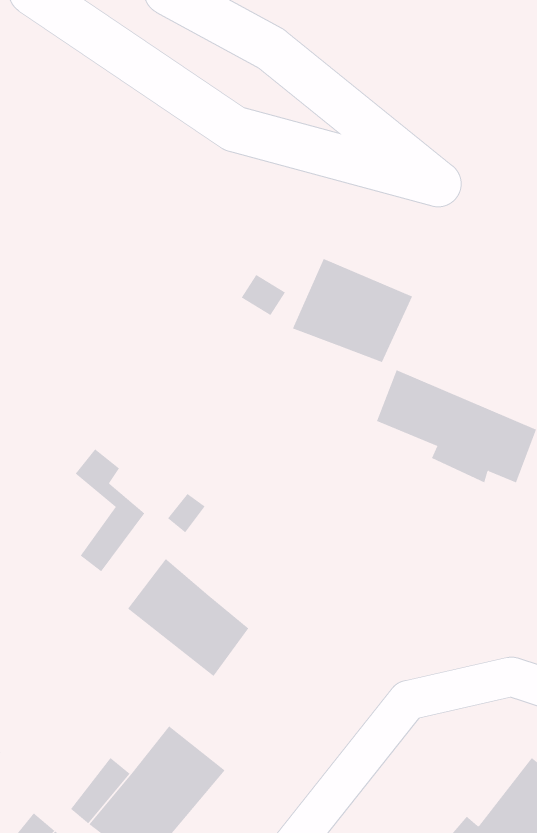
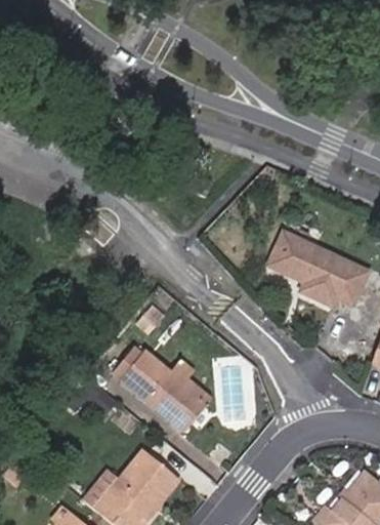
building: [292,258,413,363] -> none
building: [75,448,145,572] -> [168,356,211,432]

